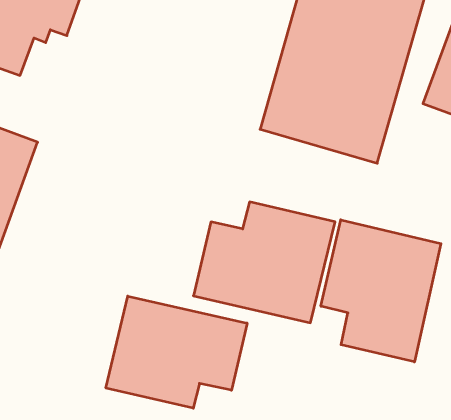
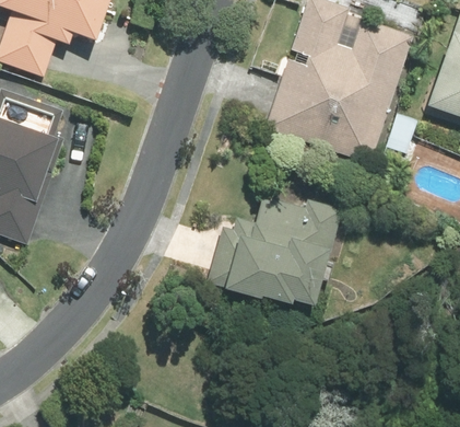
building: [321,220,441,362] -> none
building: [106,296,247,408] -> none

